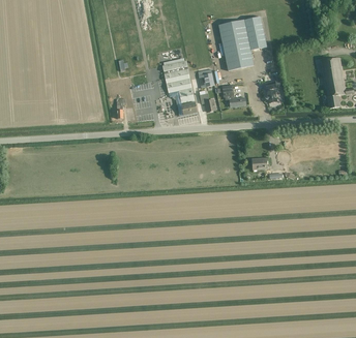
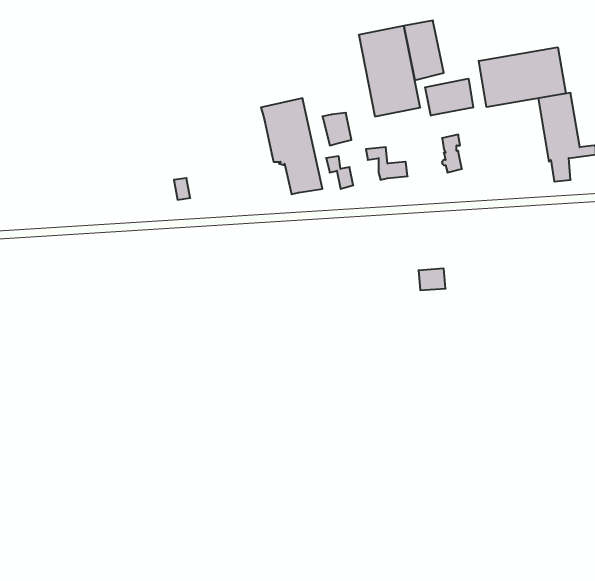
building: none -> [479,47,566,107]
building: none -> [425,79,473,116]

